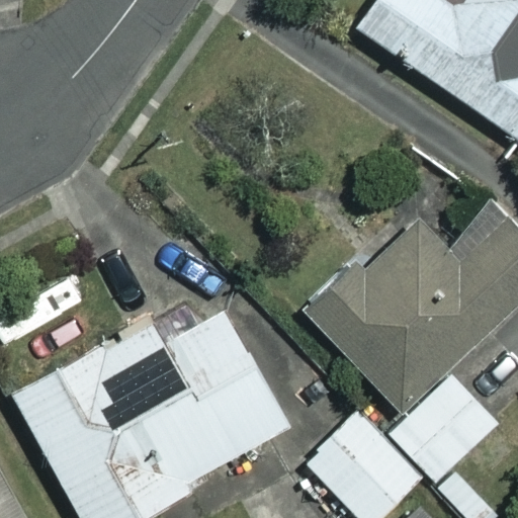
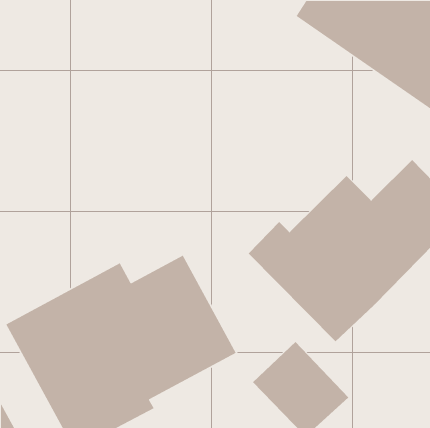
building: [390,371,499,480] -> none

